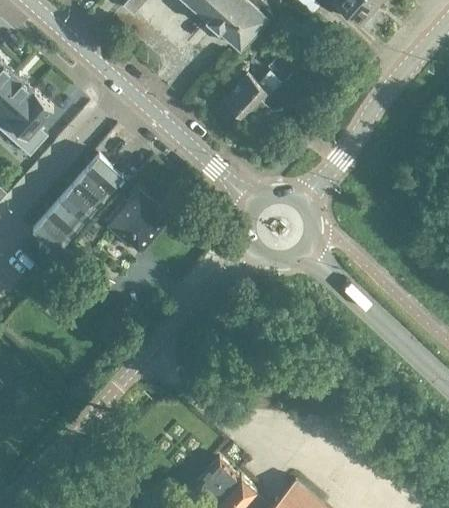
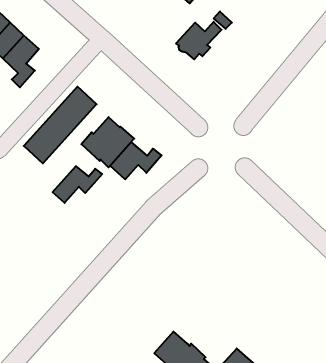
building: none -> [110,142,162,179]
building: none -> [53,166,102,203]

